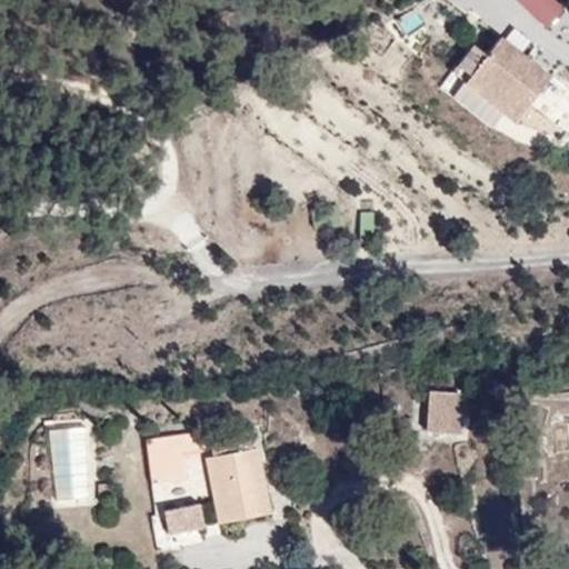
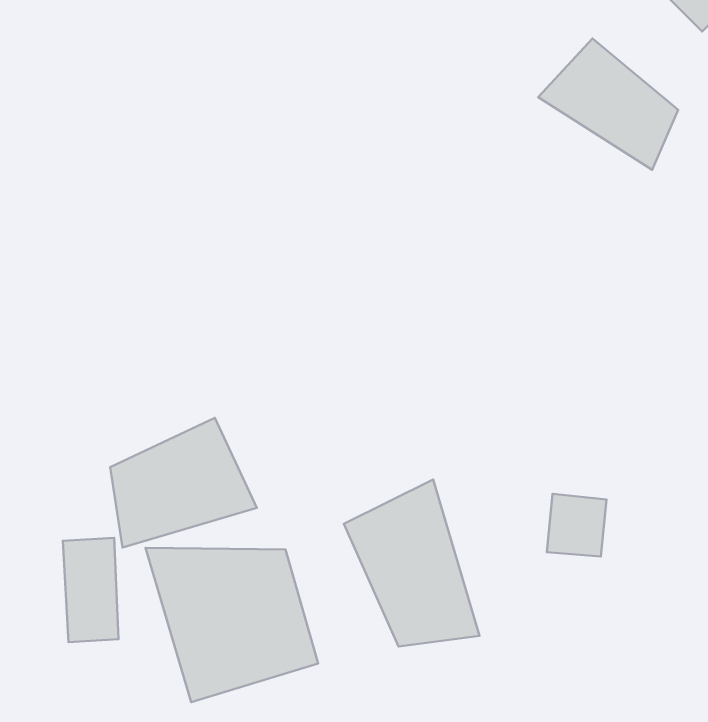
building: none -> [110,418,257,548]
building: none -> [344,479,480,647]

